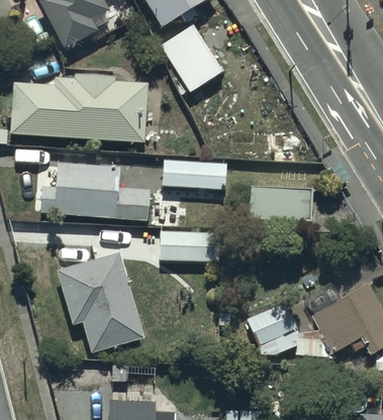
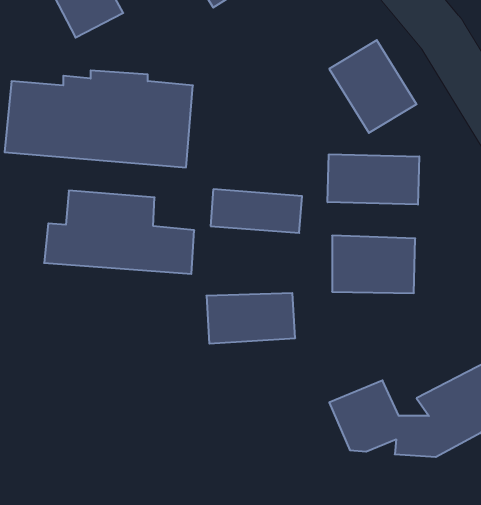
building: [160,23,224,92] -> [329,40,417,133]
building: none -> [328,154,419,205]
building: [59,249,147,352] -> none

